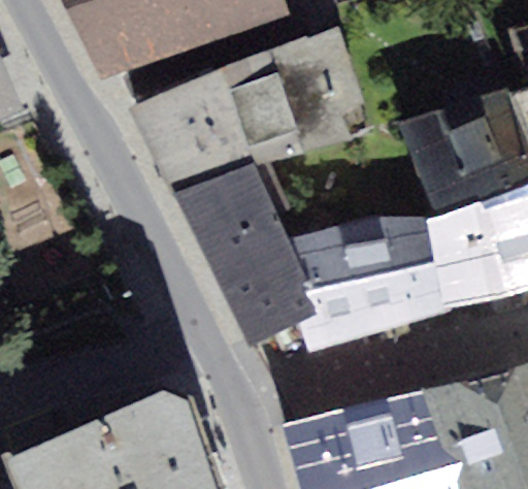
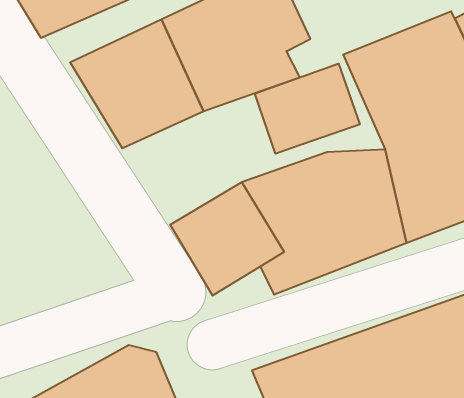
building: none -> [255,64,360,154]
building: [172,165,288,274] -> none

